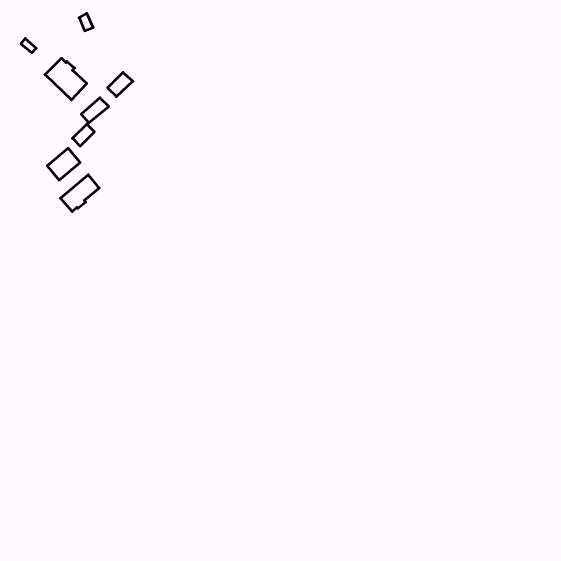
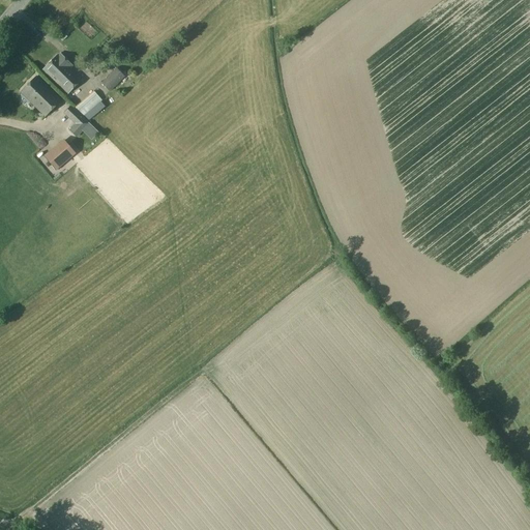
building: none -> [21,77,61,117]
building: [60,175,99,212] -> none

